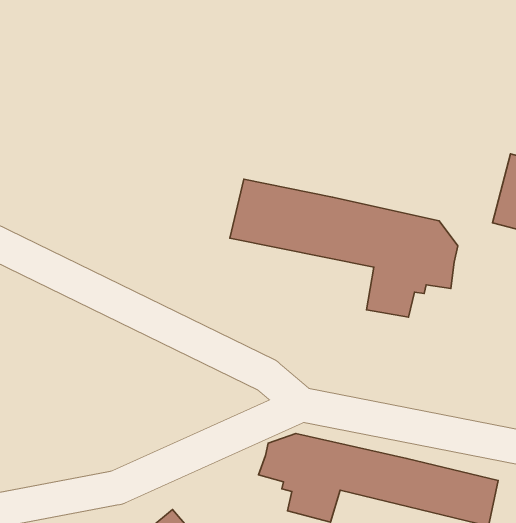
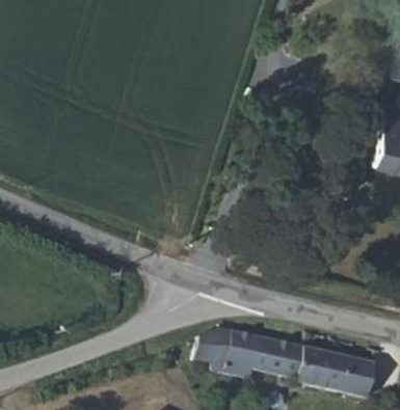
building: [230,179,458,317] -> none

